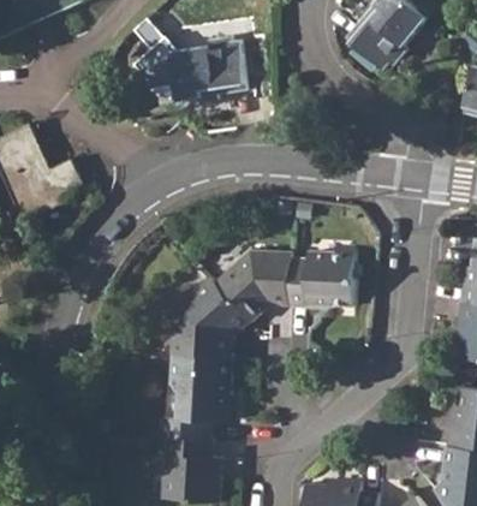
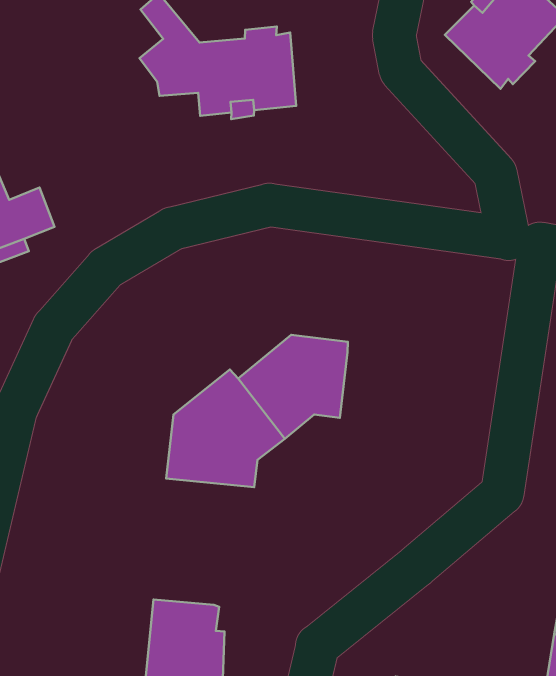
building: [287,250,353,304] -> none
building: [160,352,231,437] -> none

